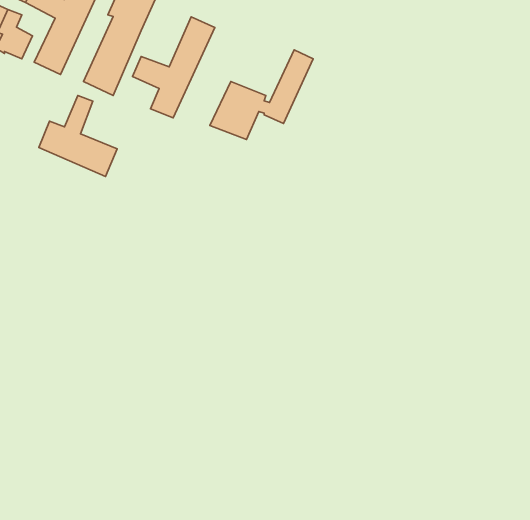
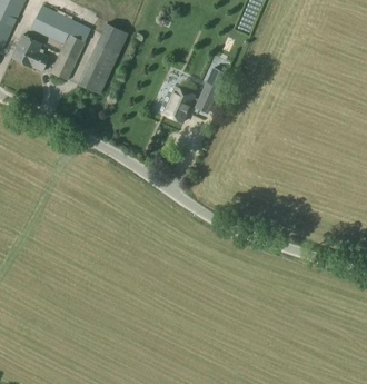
building: [133,17,215,118] -> none
building: [39,95,117,177] -> none

